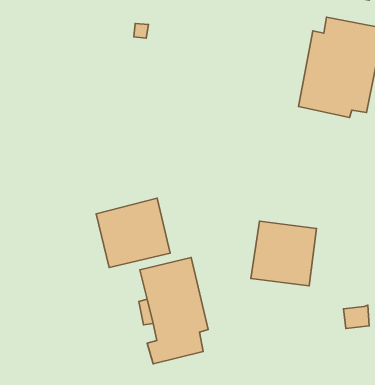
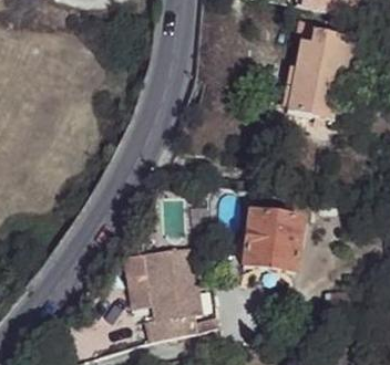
building: [96,198,170,268] -> none

